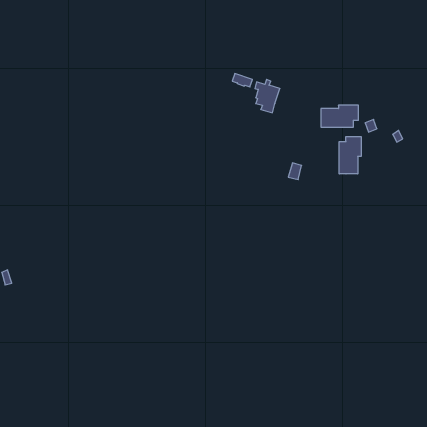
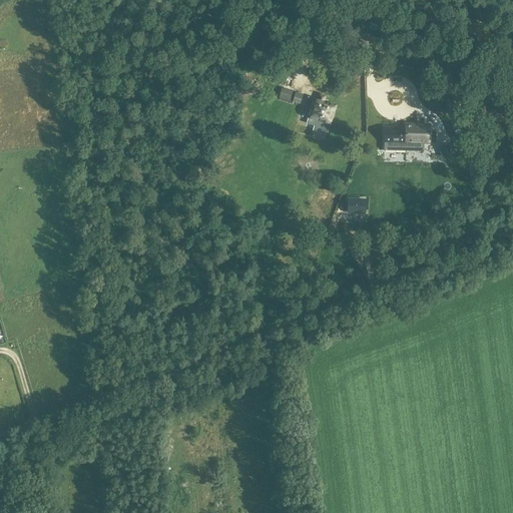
building: [339,137,361,174] -> none

